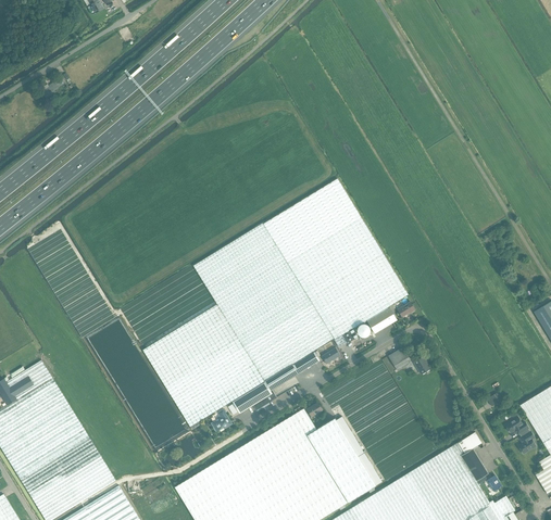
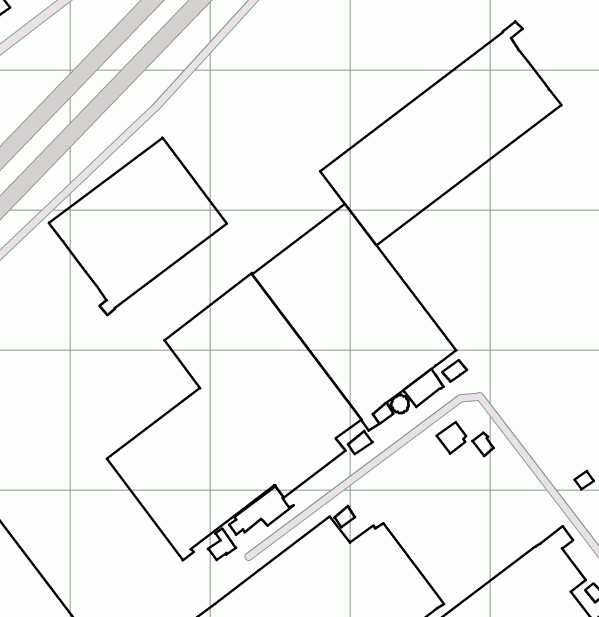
building: none -> [320,21,561,245]
building: none -> [49,138,227,315]

